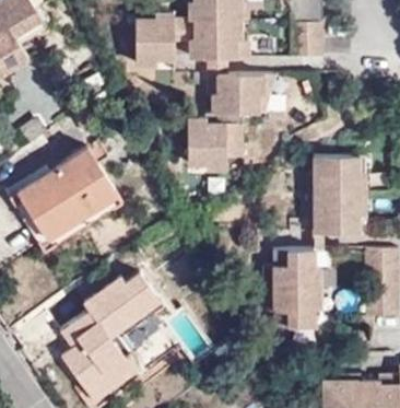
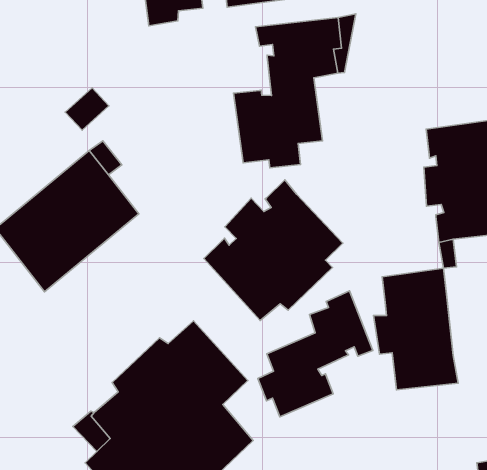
building: none -> [204,180,343,320]
building: none -> [258,291,373,417]

